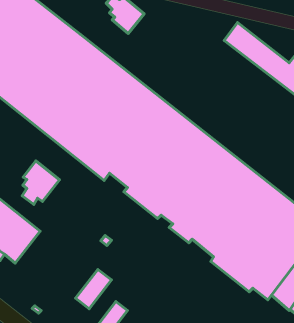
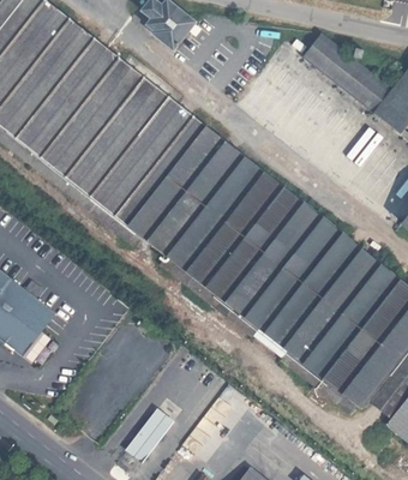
building: [22,161,60,204] -> none
building: [76,269,111,309] -> none

